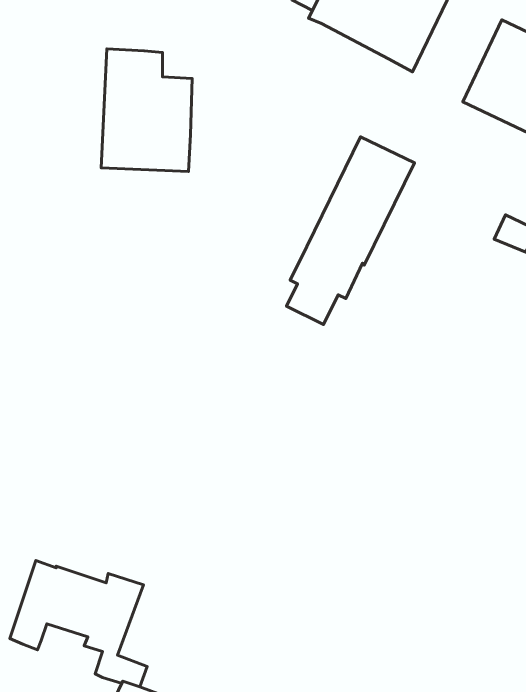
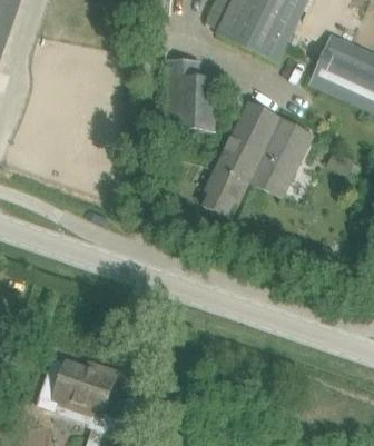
building: [101,49,192,172] -> [160,57,215,130]
building: none -> [249,118,312,195]

